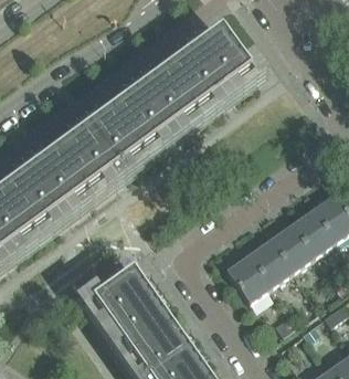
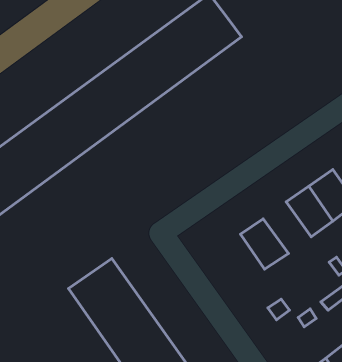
building: [274,220,318,267] -> none
building: [230,250,275,298] -> none

